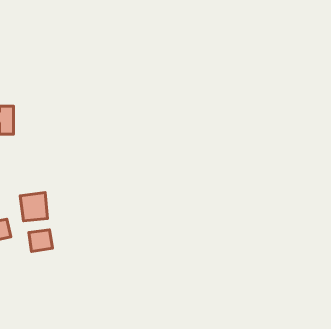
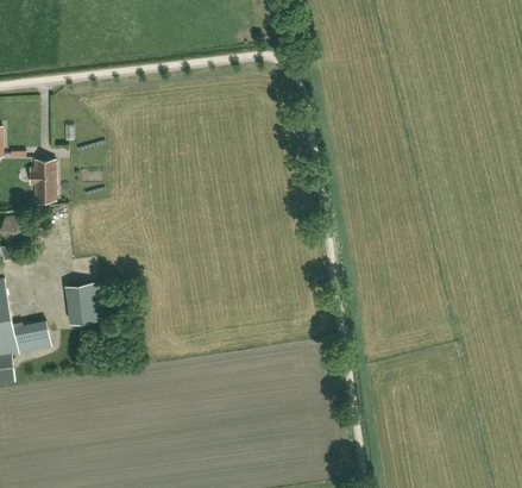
building: [29,230,53,252] -> none

